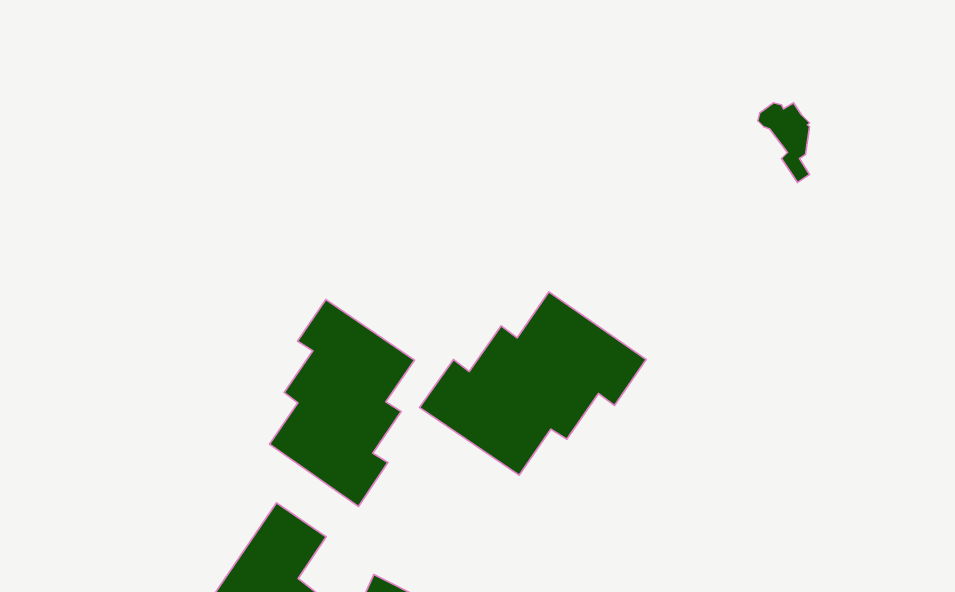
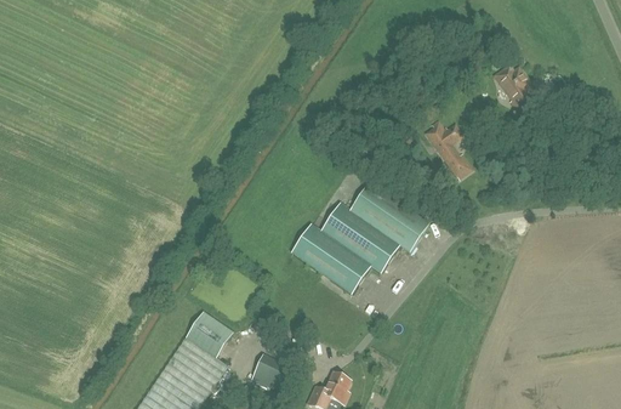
building: none -> [426,120,472,178]
building: [269,300,414,507] -> none

